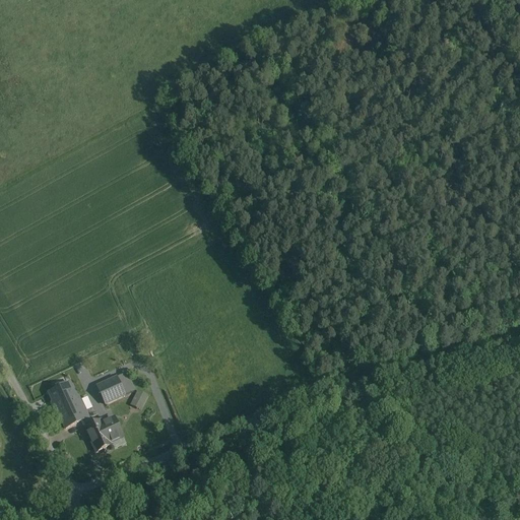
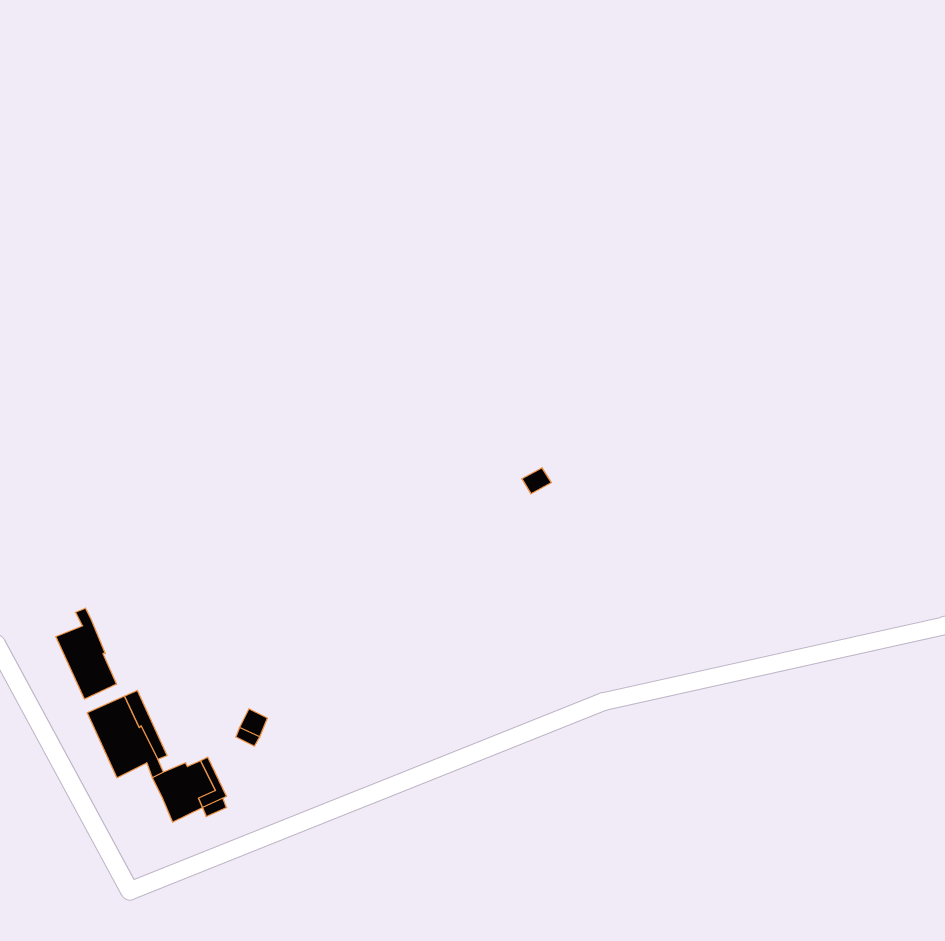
building: none -> [56,608,117,699]
building: [95,375,123,402] -> none

